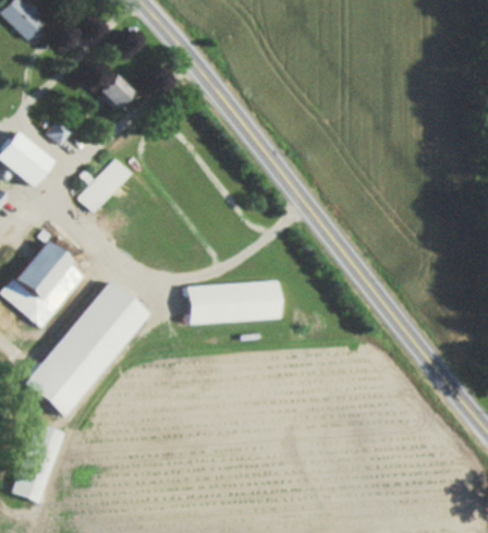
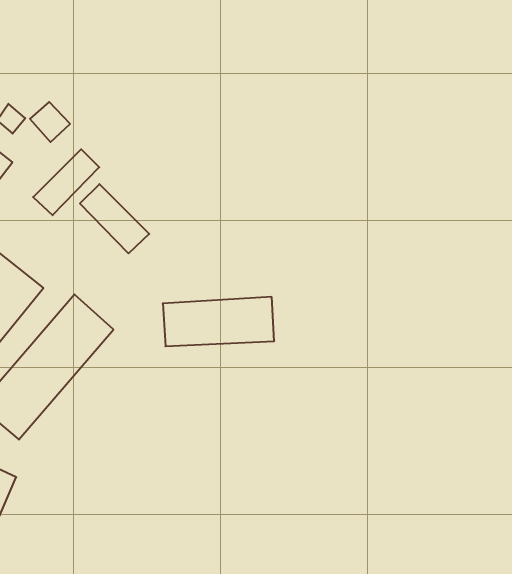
building: [97,77,131,111] -> [30,102,70,142]
building: none -> [80,184,149,253]

